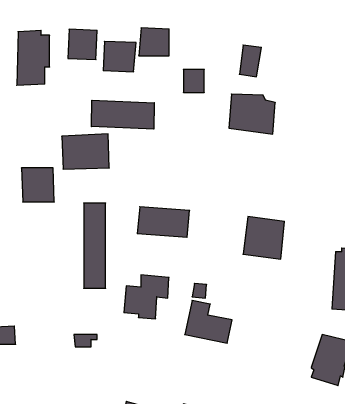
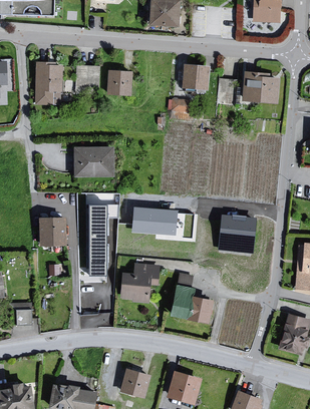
building: [139,28,169,56] -> [182,64,207,87]
building: [229,94,275,134] -> [241,71,279,104]
building: [91,100,154,129] -> none
building: [21,168,54,202] -> [38,218,65,246]

